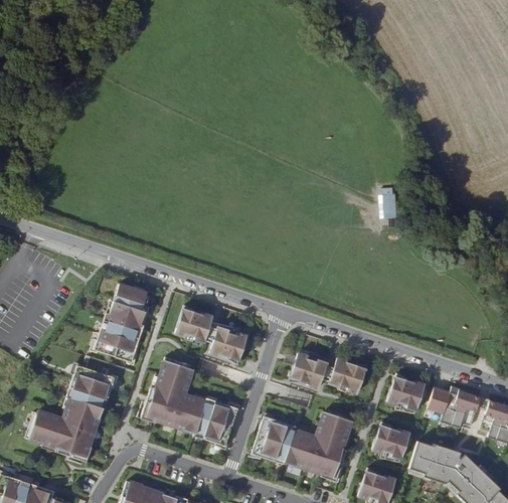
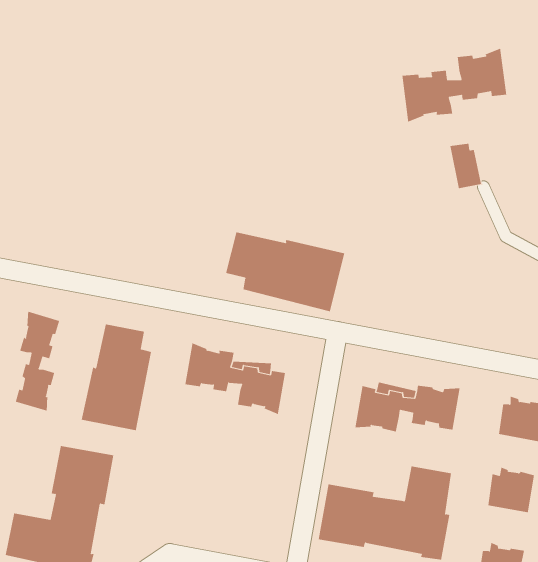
building: none -> [402,48,507,123]
building: none -> [225,231,345,312]
building: none -> [15,311,60,412]
building: [143,361,237,447] -> none

